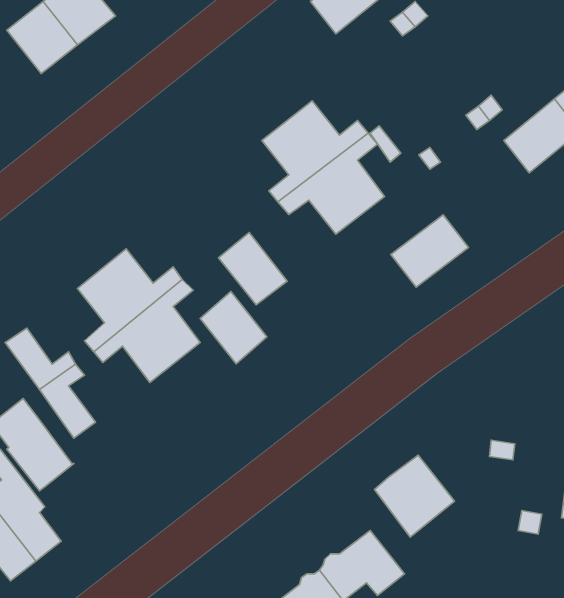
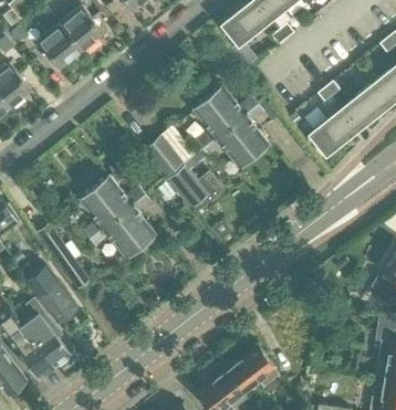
building: [391,215,468,287] -> [310,109,357,154]
building: [200,292,267,364] -> [143,135,184,179]
building: [374,455,454,537] -> none

